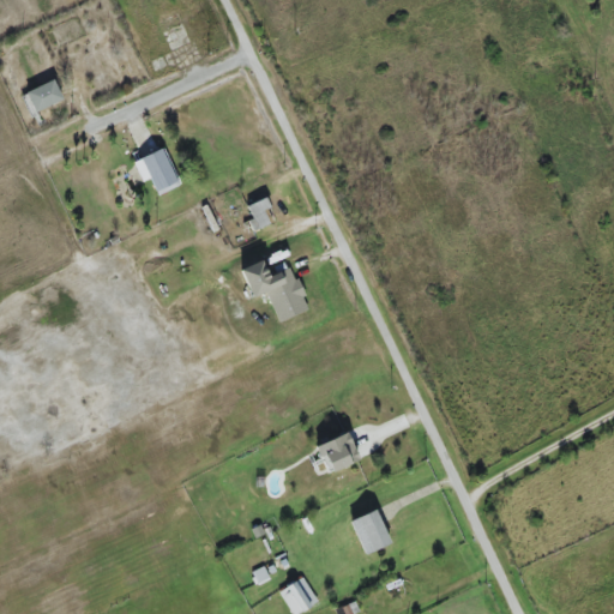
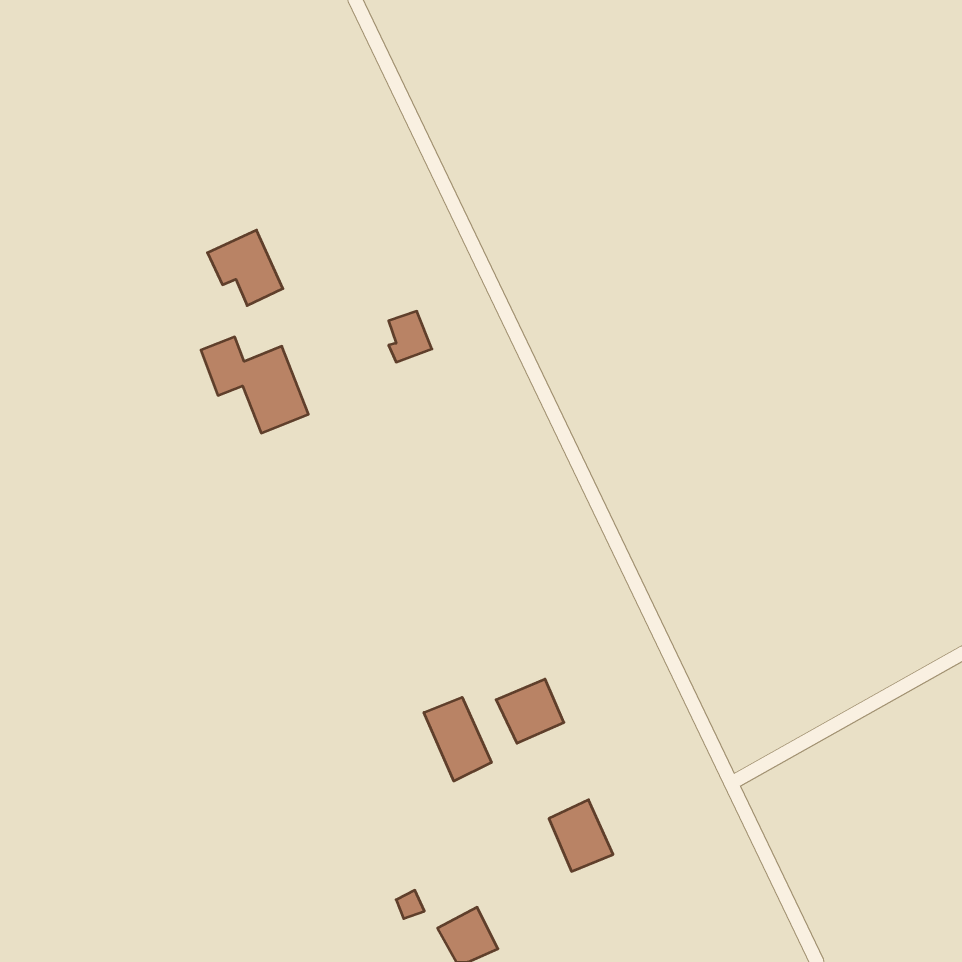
building: [26,79,64,112] -> none
building: [241,260,309,321] -> [201,337,308,433]
building: none -> [424,697,491,781]

